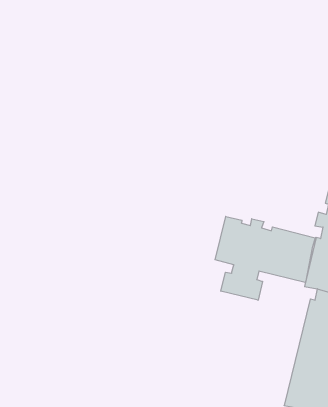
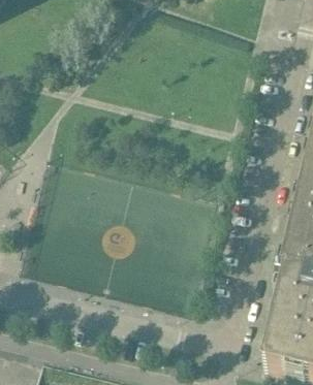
building: [215,216,315,300] -> none

